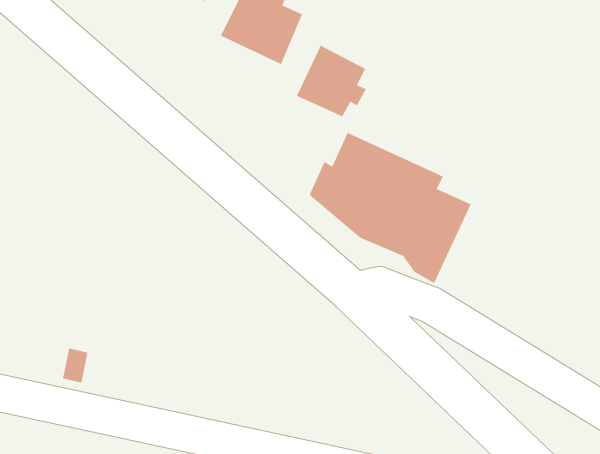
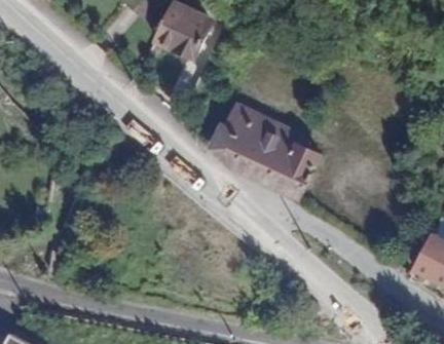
building: [296,45,366,117] -> none

